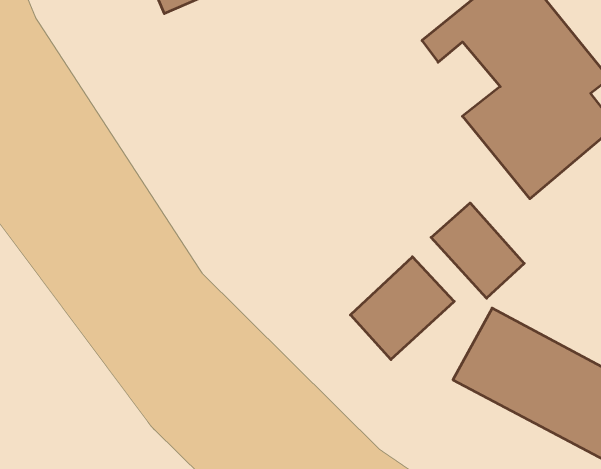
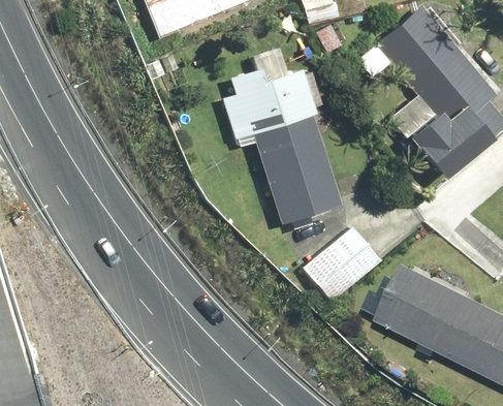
building: none -> [216,59,343,227]
building: [431,203,524,298] -> none

